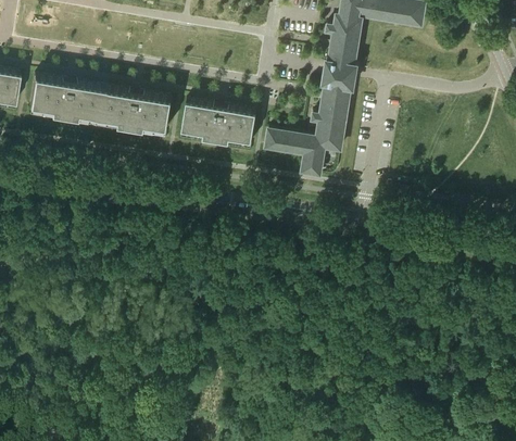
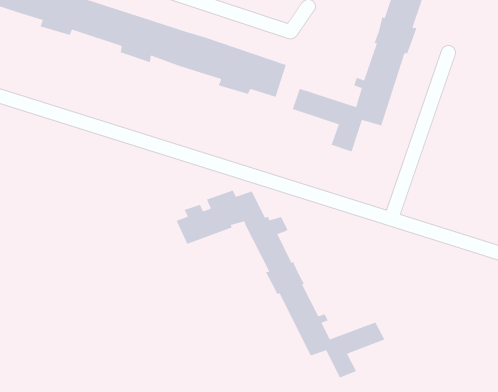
building: none -> [175,189,386,379]

